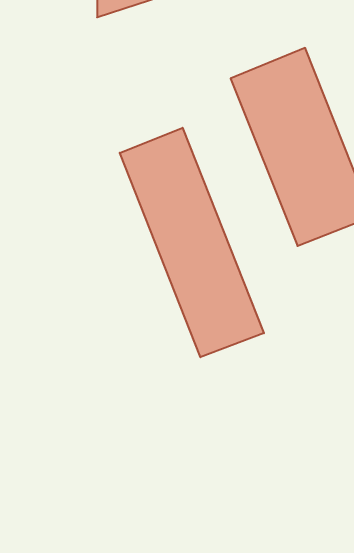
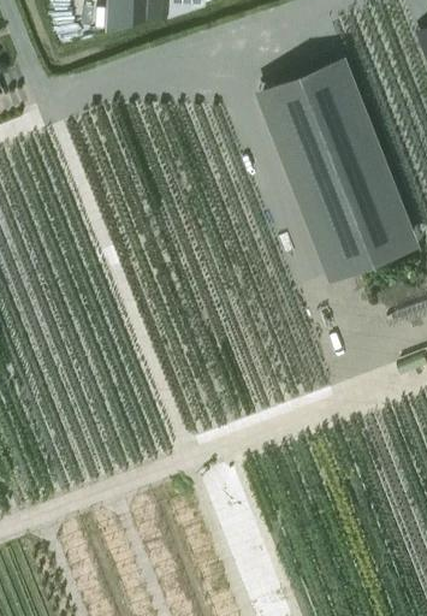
building: [120,128,264,357] -> none

